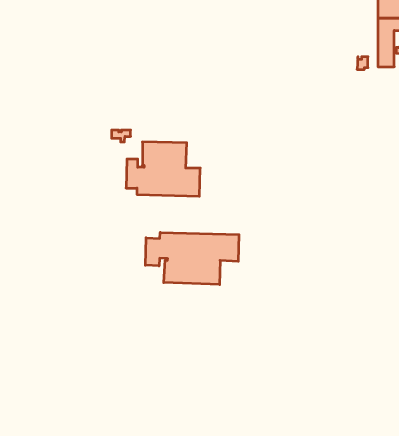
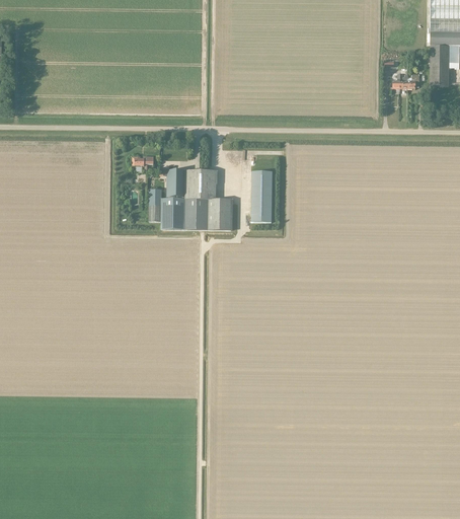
building: none -> [251,170,273,222]
building: [145,232,239,285] -> none

